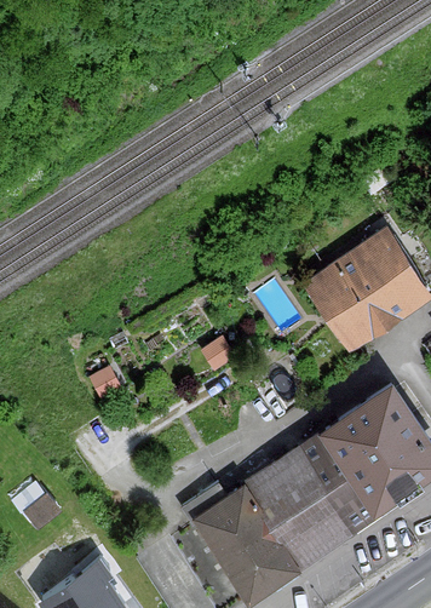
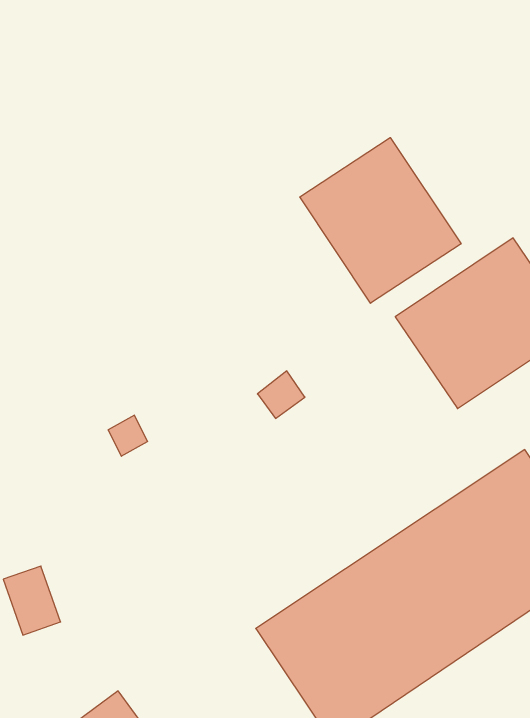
building: none -> [300,138,461,303]

